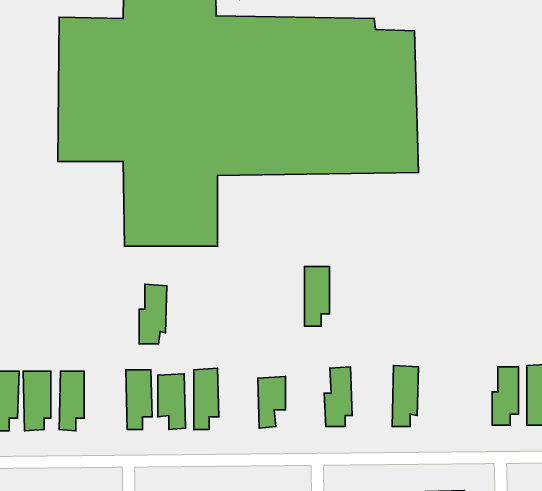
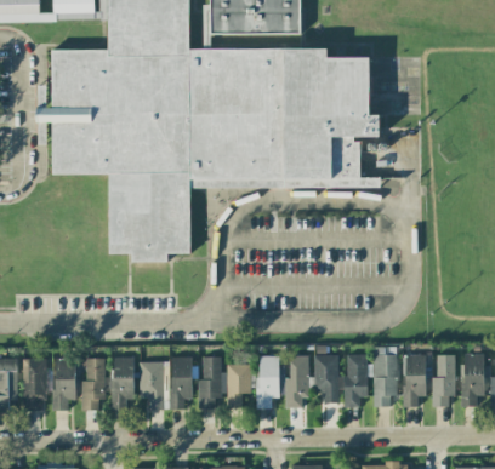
building: [304,267,329,326] -> [257,356,279,408]
building: [139,284,167,344] -> [81,358,106,410]
building: none -> [372,347,398,406]
building: none -> [404,354,427,407]
building: none -> [314,355,340,402]
building: none -> [198,358,227,408]

